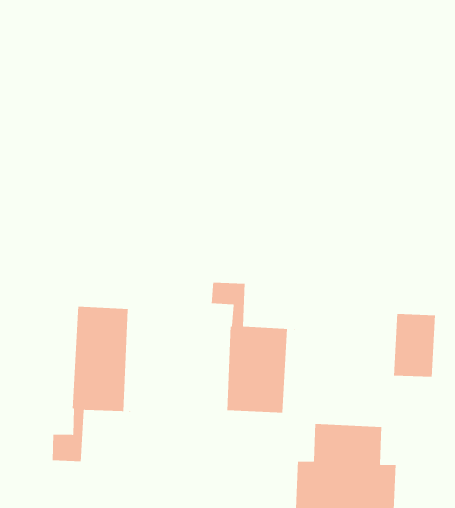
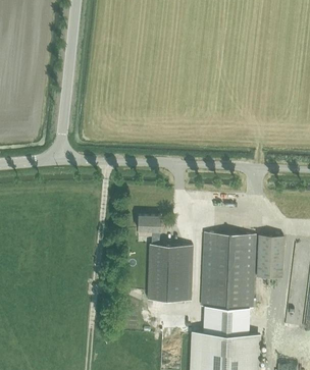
building: [52,306,136,462] -> none
building: none -> [202,233,255,310]

